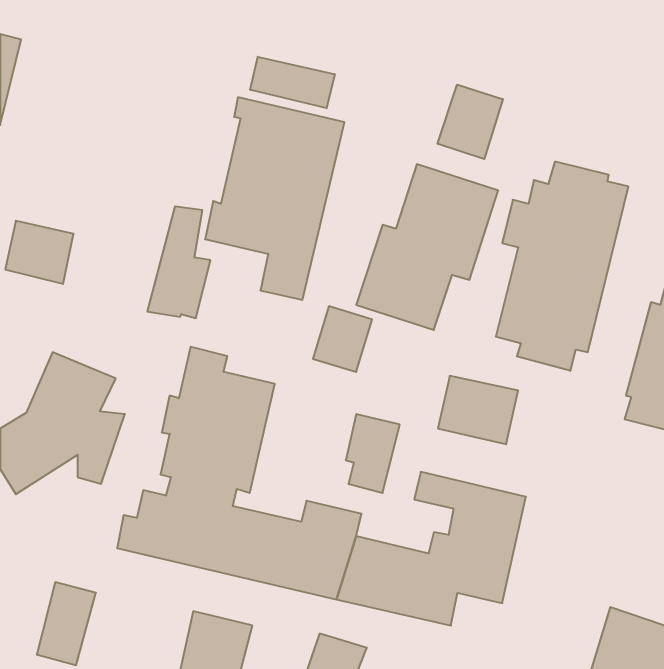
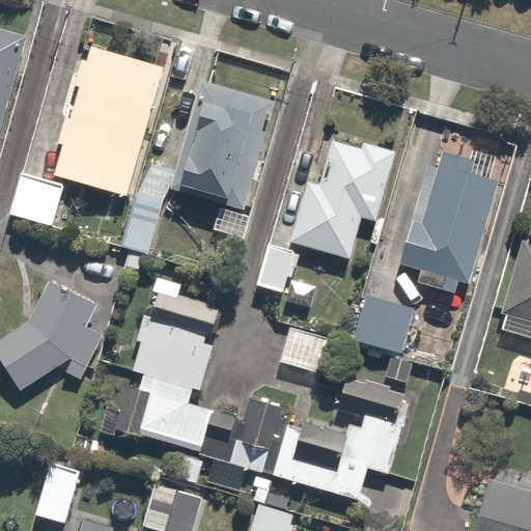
building: none -> [51,45,164,197]
building: [250,57,335,108] -> none
building: [438,85,503,159] -> none

